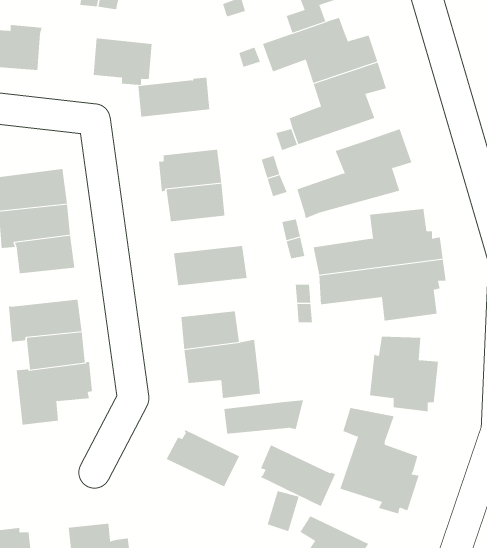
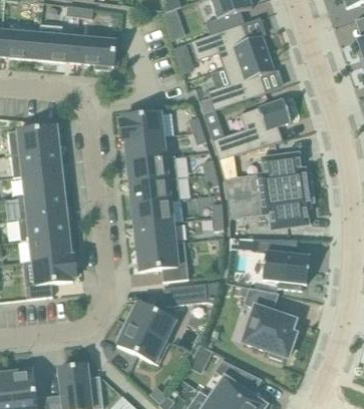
building: none -> [38,24,77,62]
building: [137,77,210,117] -> [127,155,176,182]
building: none -> [18,192,65,219]
building: none -> [132,200,171,226]
building: [260,445,336,507] -> [117,322,168,364]

